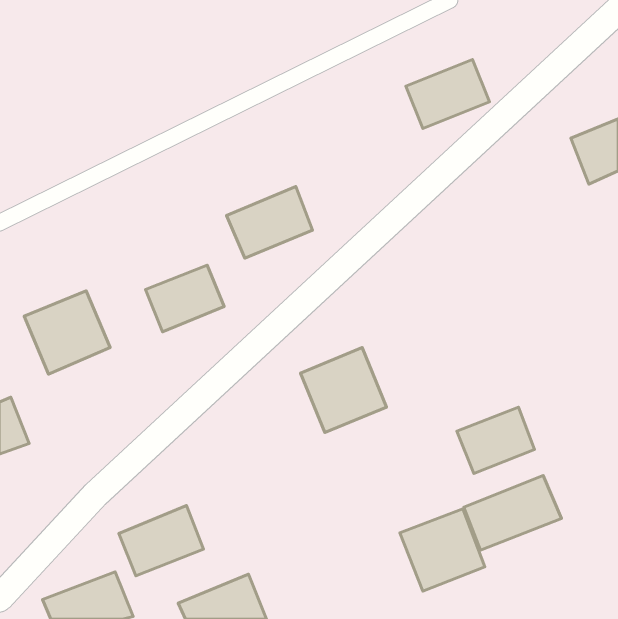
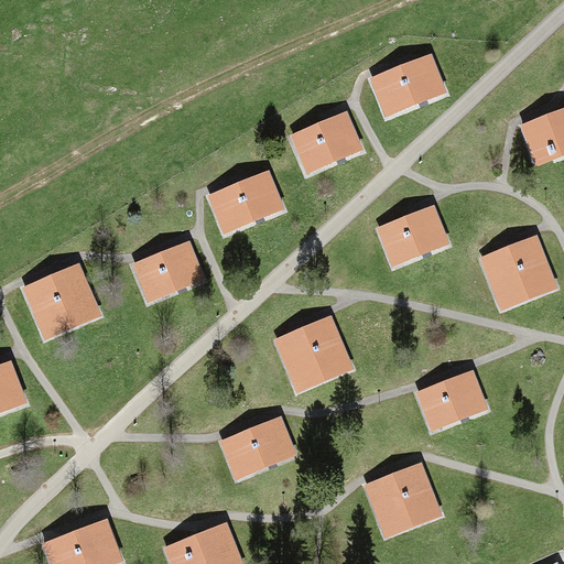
building: none -> [290,112,359,170]
building: none -> [372,213,442,270]
building: none -> [480,239,552,307]
building: [464,475,562,550] -> none
building: [119,506,204,576] -> [218,416,295,480]

